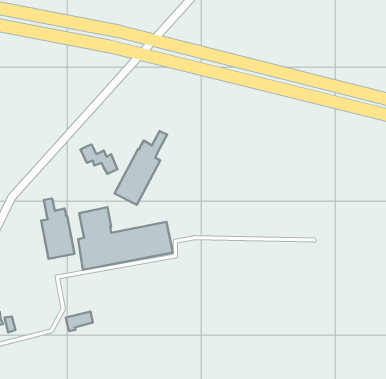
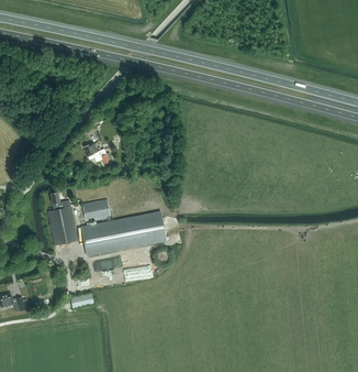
building: [115,131,167,205] -> none

